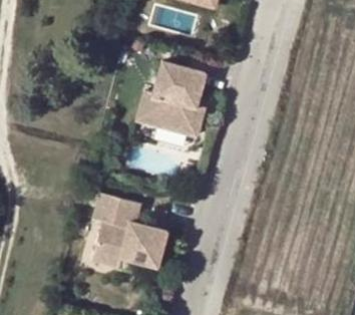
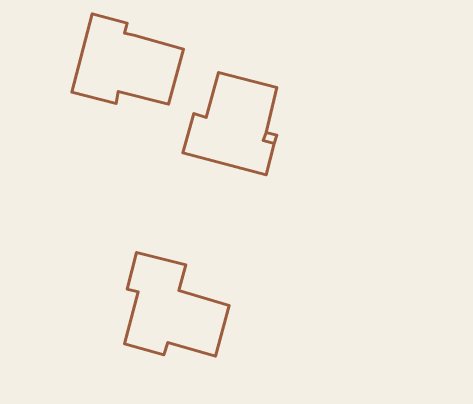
building: none -> [72,14,183,104]

